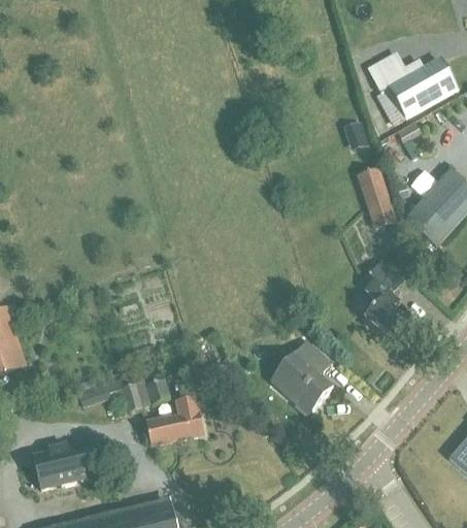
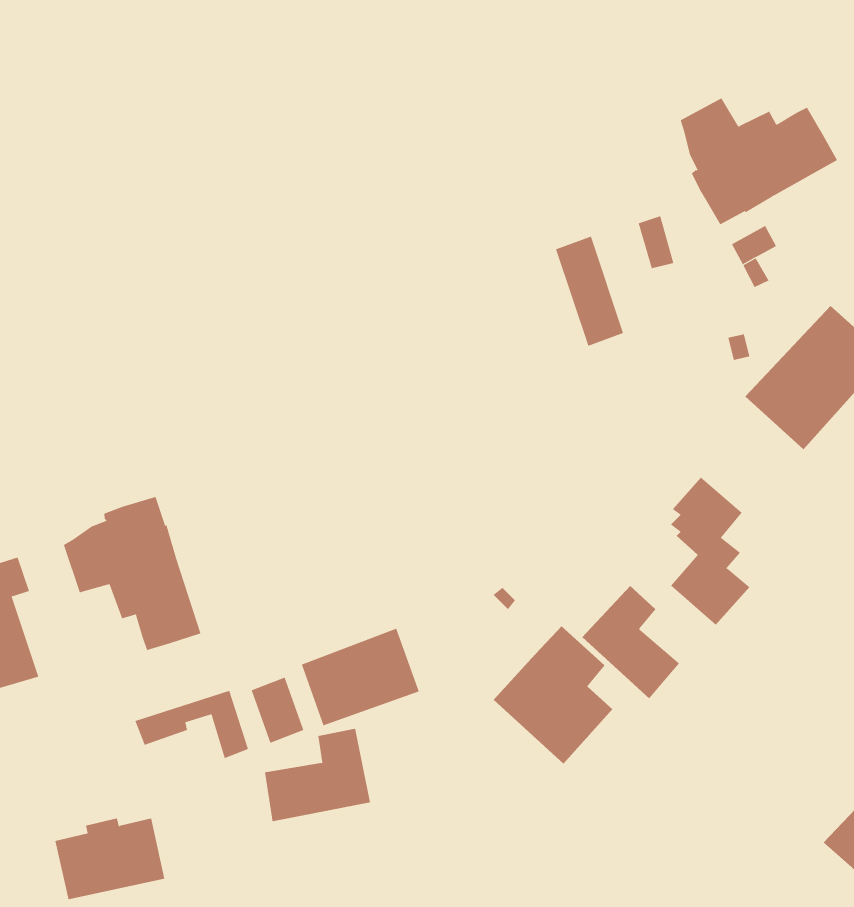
building: [357,166,394,226] -> [555,236,624,346]
building: none -> [63,496,201,651]
building: none -> [582,585,680,699]
building: none -> [301,628,419,726]

